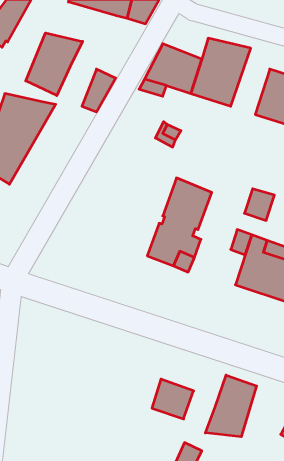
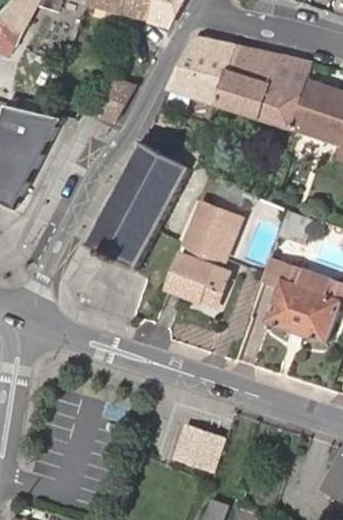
building: none -> [185,35,235,67]
building: [26,33,83,96] -> none
building: none -> [261,55,310,129]
building: none -> [89,142,194,271]
building: [205,375,257,437] -> none

